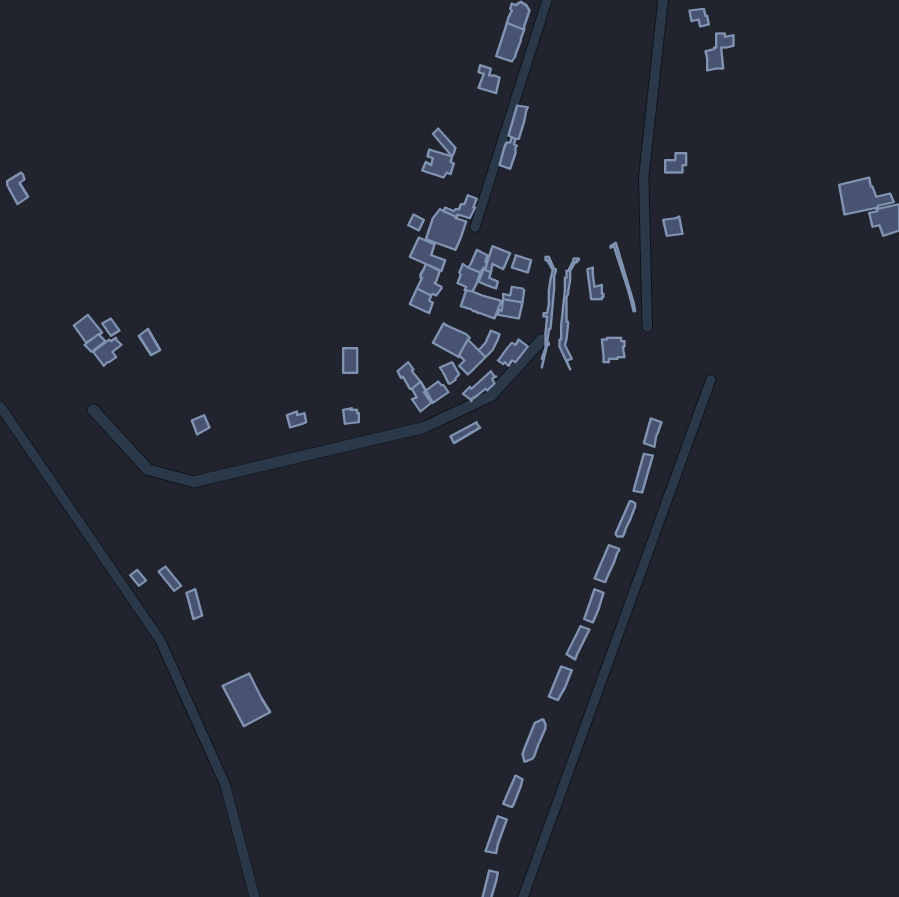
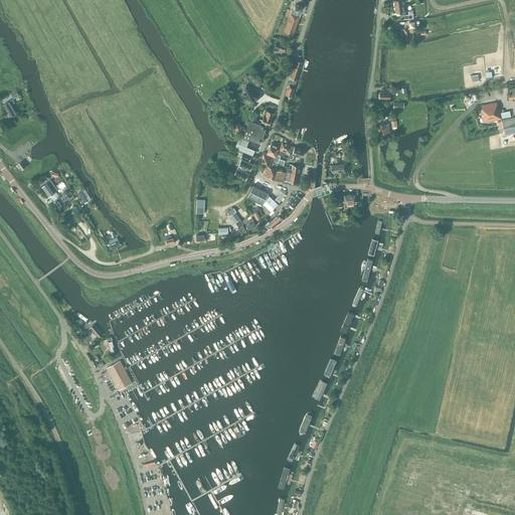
building: [223,673,270,726] -> [106,361,133,391]

